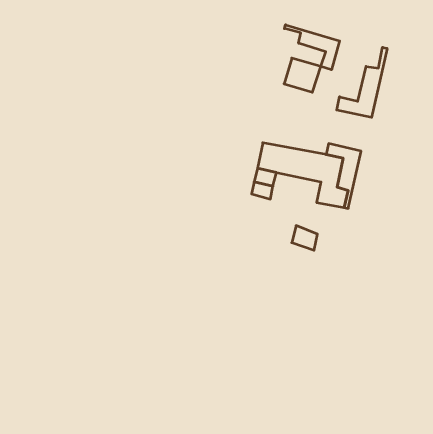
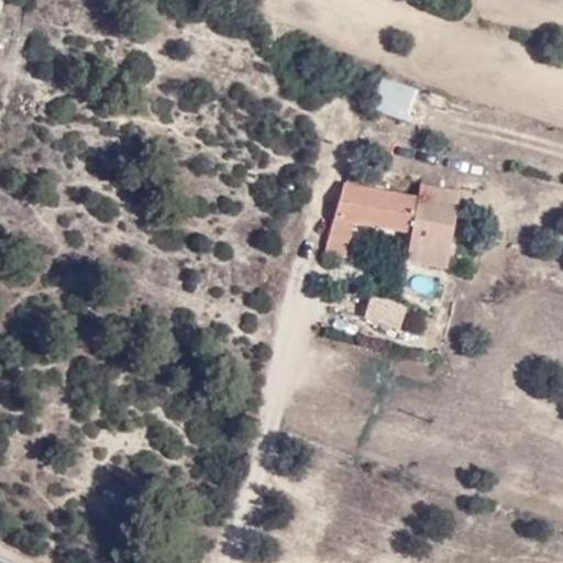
building: [284,25,340,70] -> none
building: [337,47,387,117] -> none

